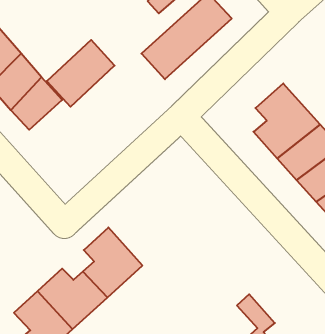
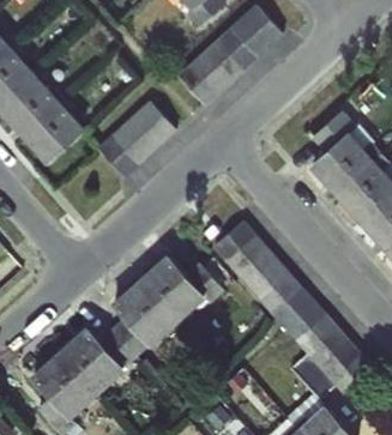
building: [47,40,115,107] -> [97,101,176,179]
building: none -> [212,220,372,394]
building: none -> [139,253,224,322]

